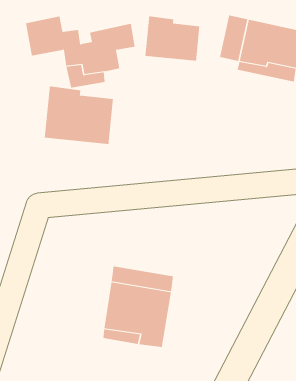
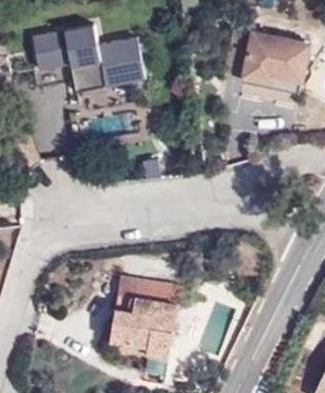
building: [145,15,200,62] -> none
building: [44,85,113,145] -> none

